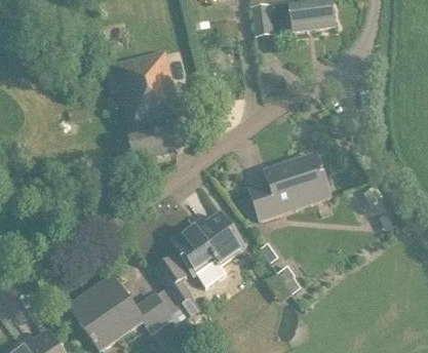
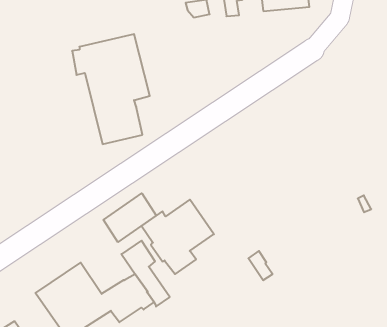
building: [248,153,329,220] -> none
building: none -> [103,193,156,242]

